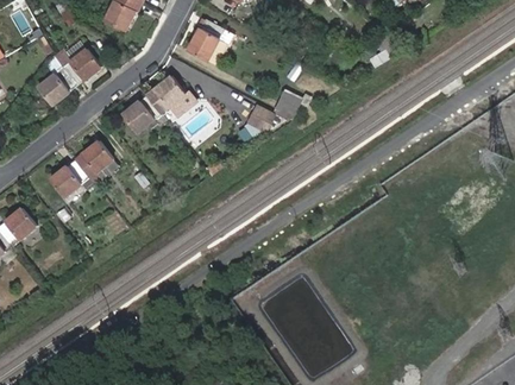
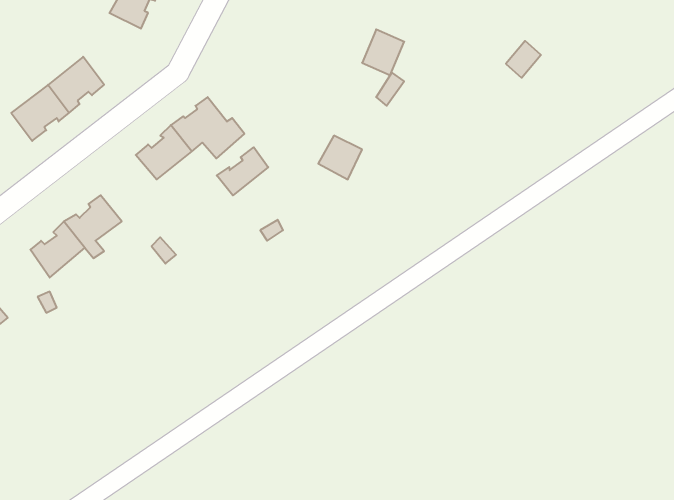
building: [187,20,221,61] -> none
building: [272,88,301,119] -> [362,29,404,75]
building: none -> [217,147,268,195]

